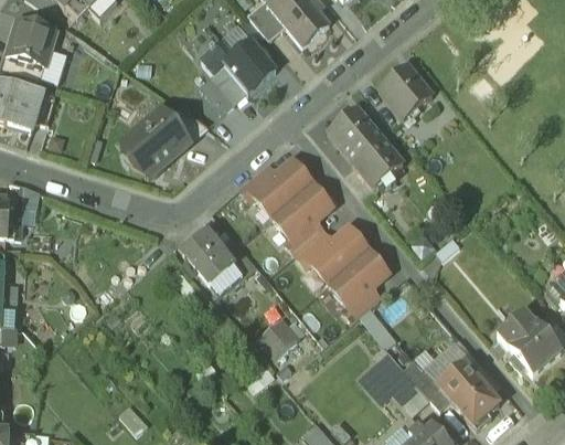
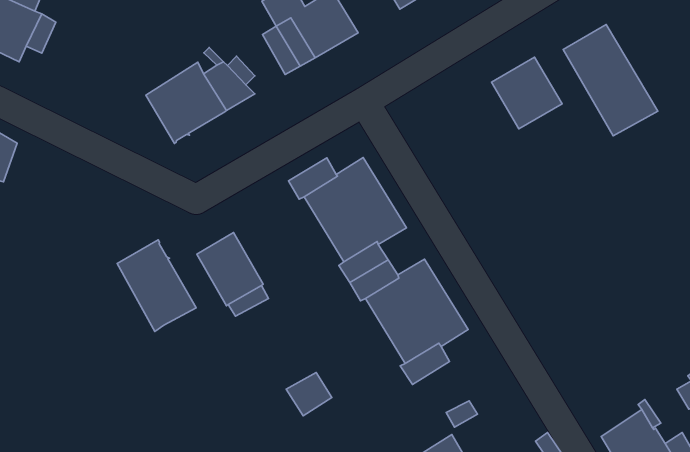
building: [326,106,402,187] -> [563,24,658,136]
building: none -> [117,240,196,332]

